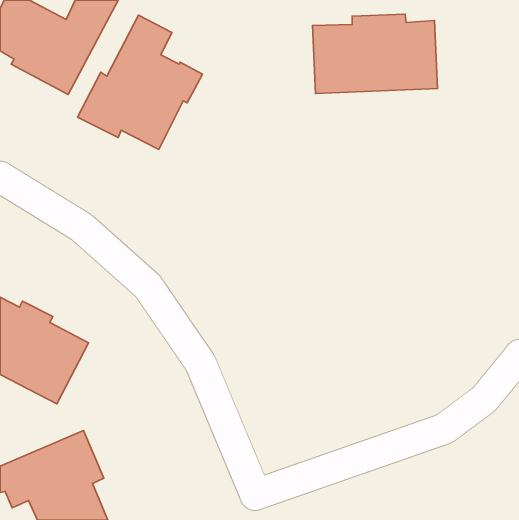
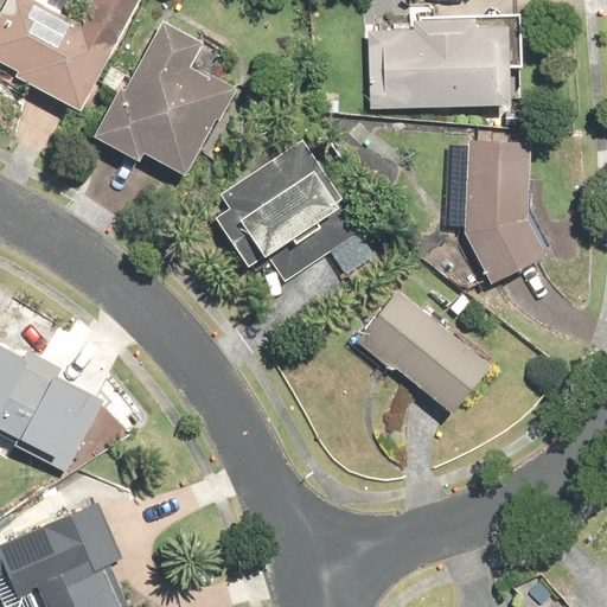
building: none -> [215,139,378,281]
building: none -> [462,139,547,283]
building: none -> [354,288,492,413]

